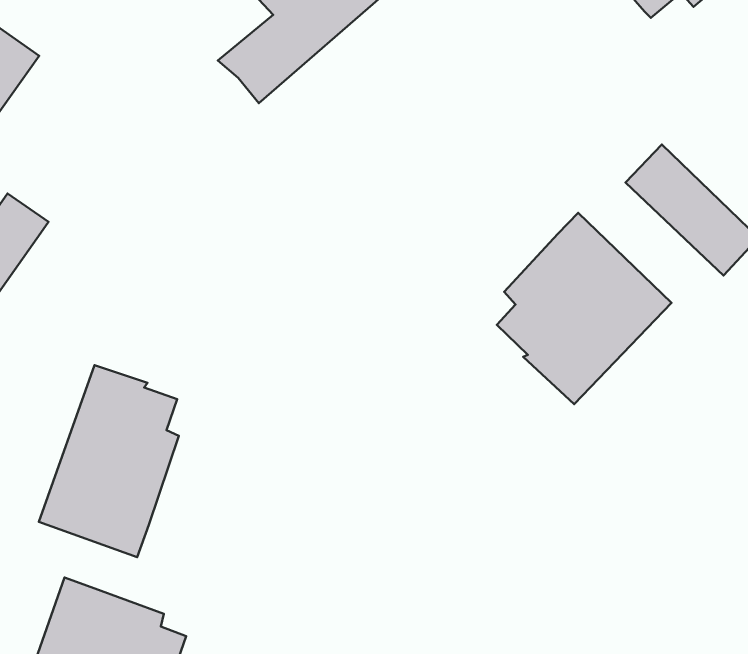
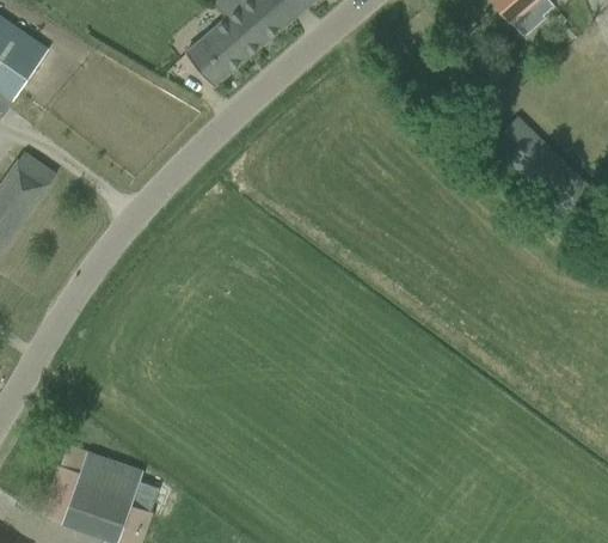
building: [497,213,671,404] -> none
building: [39,365,179,557] -> none

